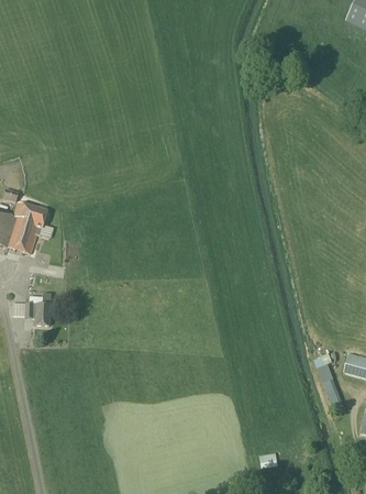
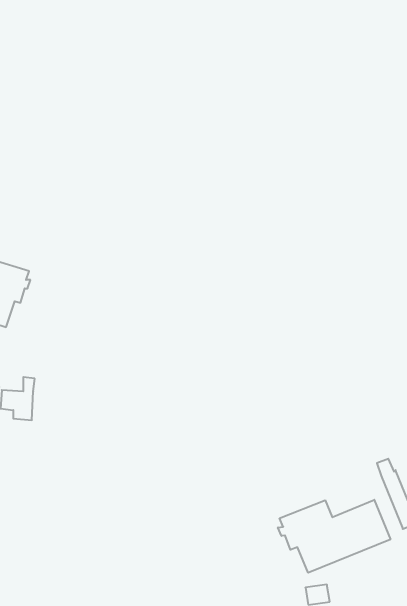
building: none -> [278,500,390,573]

